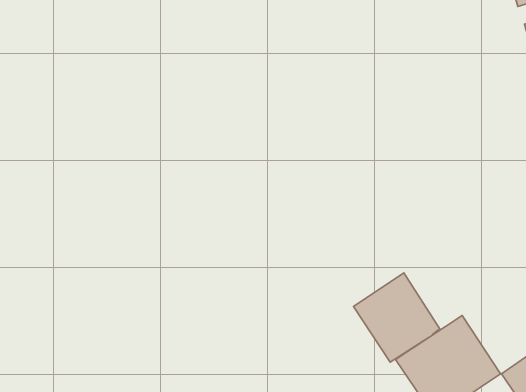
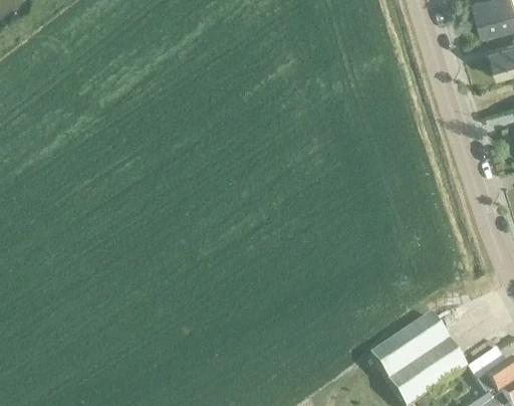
building: [353,273,440,362] -> none

